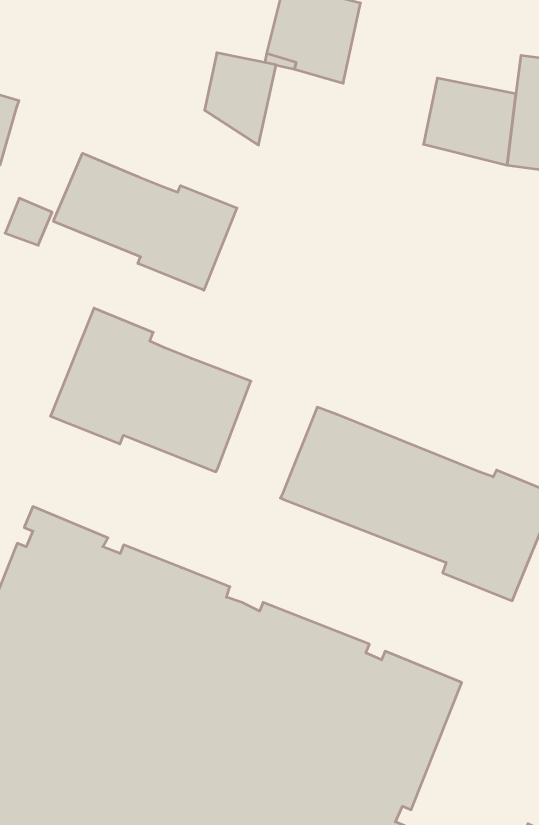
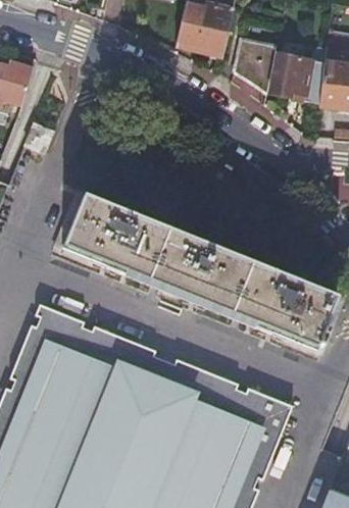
building: [205,53,276,145] -> [235,39,277,93]
building: [54,153,237,290] -> none
building: none -> [148,232,207,300]

